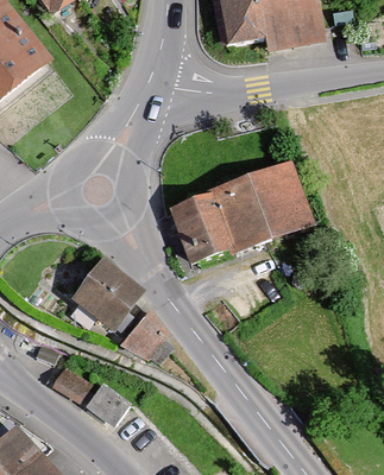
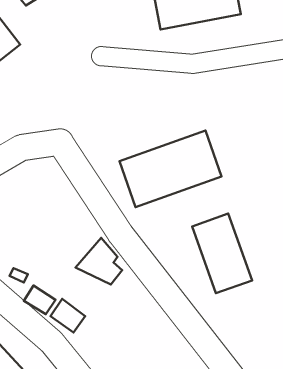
building: [70,264,138,330] -> none
building: none -> [192,213,252,293]

